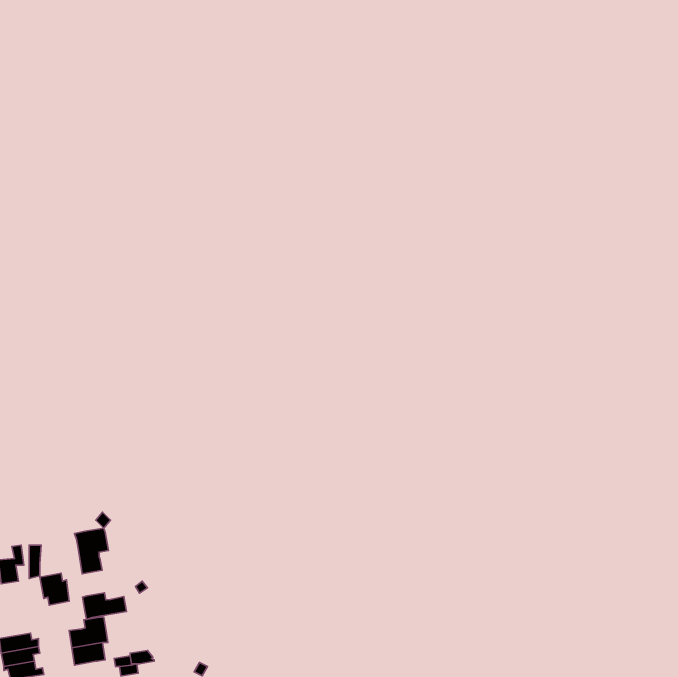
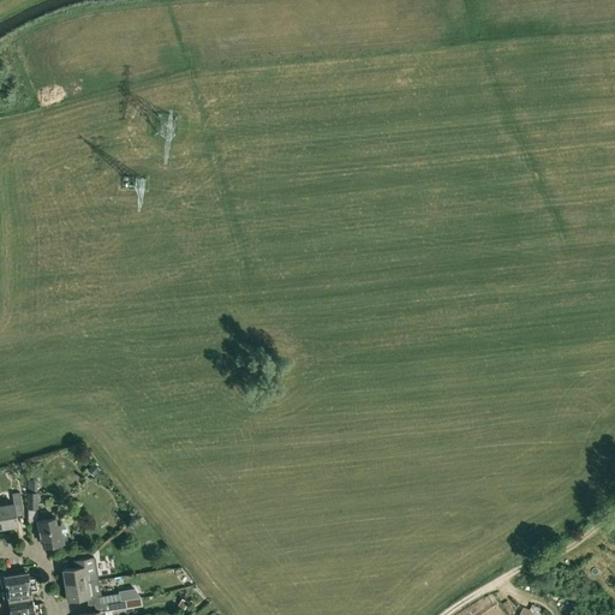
building: [74,528,108,574] -> none
building: [82,593,127,619] -> none

